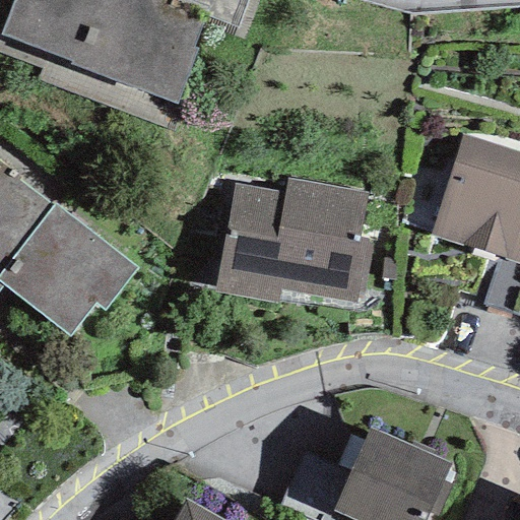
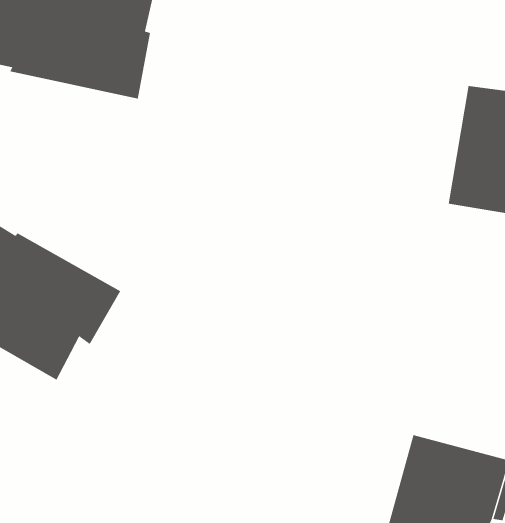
building: [213,176,375,304] -> none

